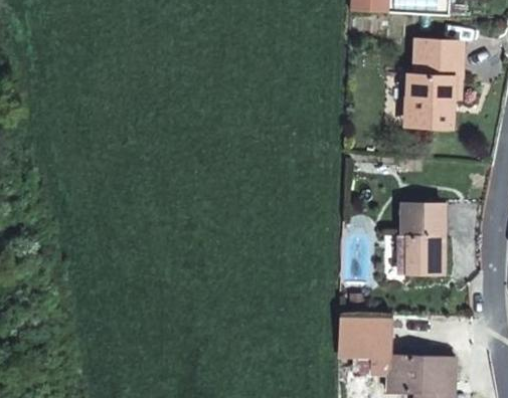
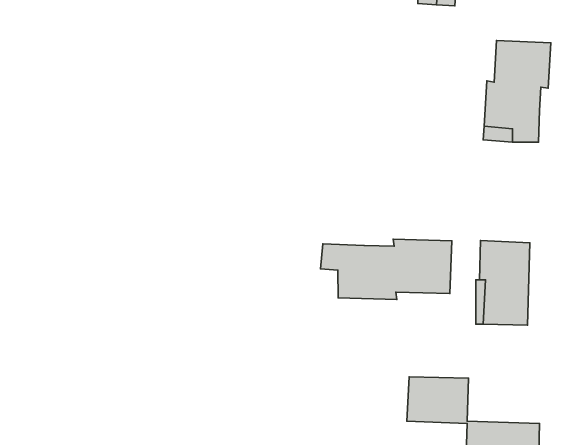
building: none -> [320,239,452,300]

